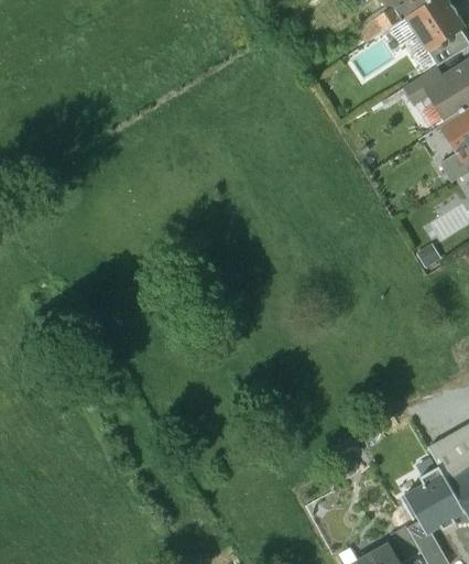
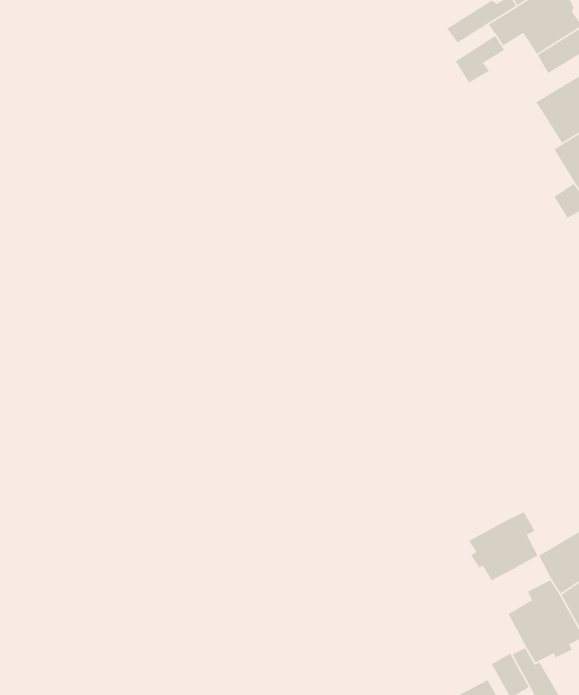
building: [403,66,443,105] -> [455,35,505,84]
building: none -> [468,511,538,582]

